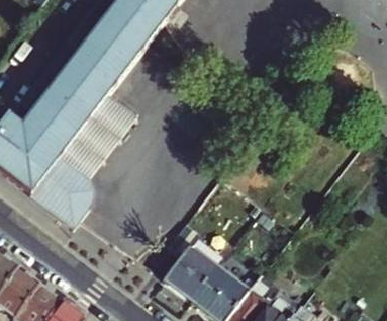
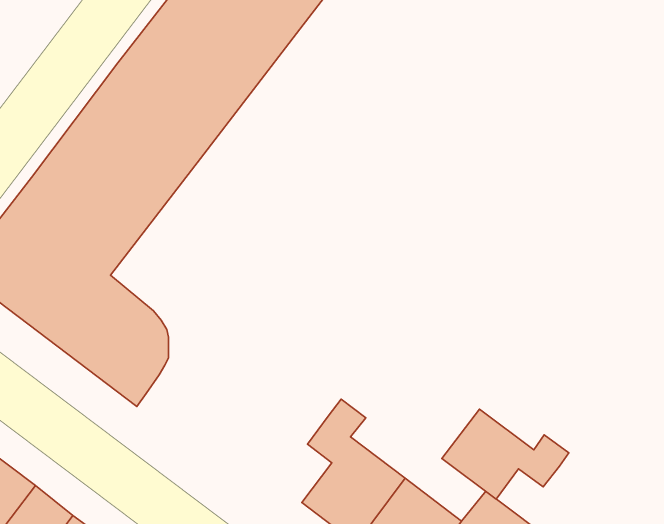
building: [61,94,137,181] -> none
building: none -> [442,409,569,499]

